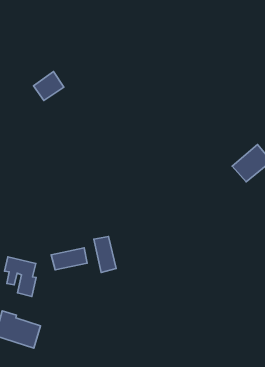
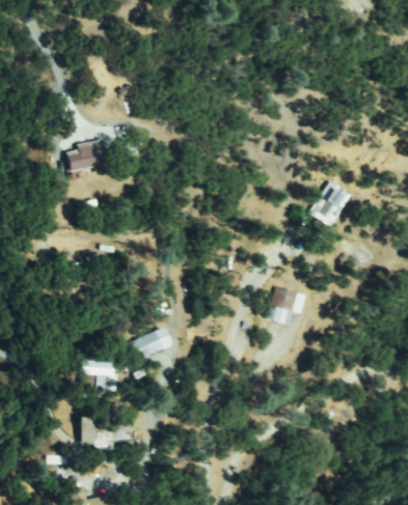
building: none -> [267,288,300,325]
building: [94,237,116,272] -> none

